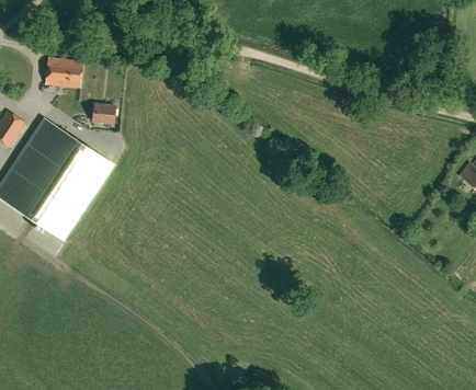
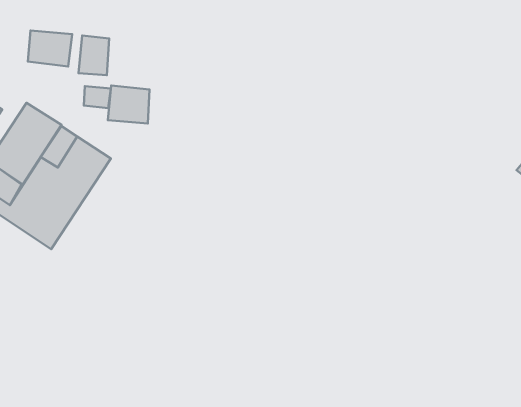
building: none -> [78,35,109,75]
building: none -> [108,85,150,124]

